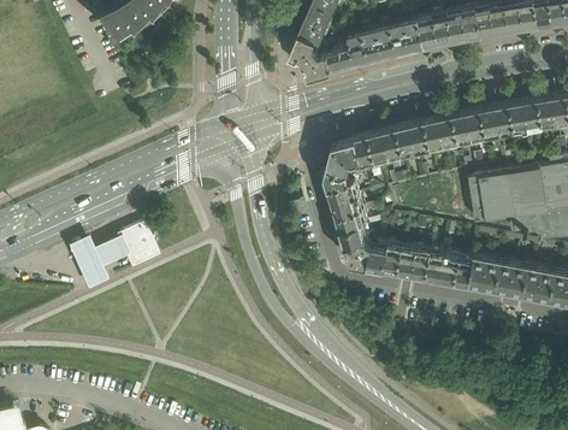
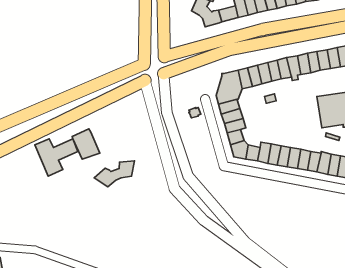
building: none -> [94,161,135,187]

